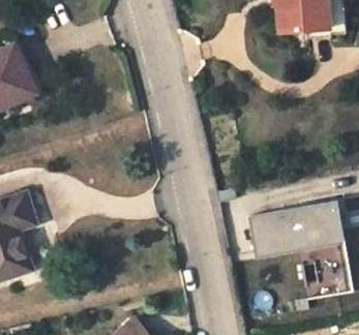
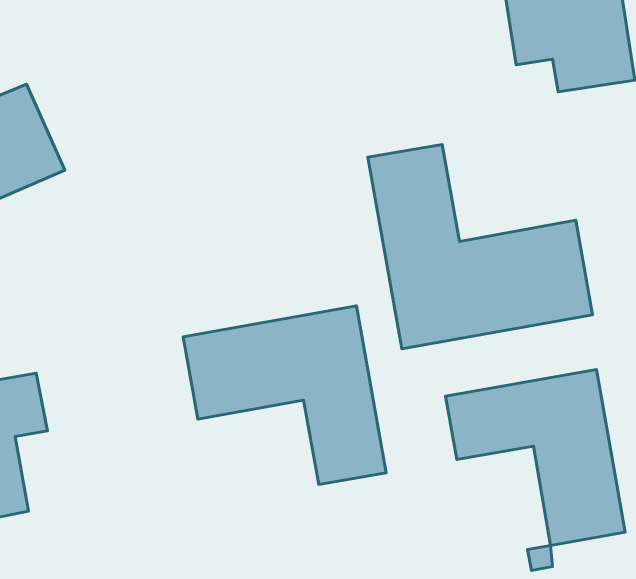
building: none -> [368,144,592,349]
building: none -> [183,306,386,484]

